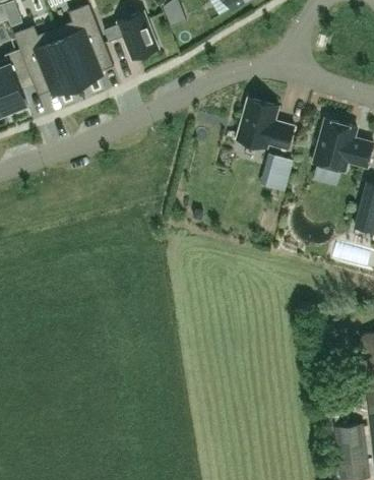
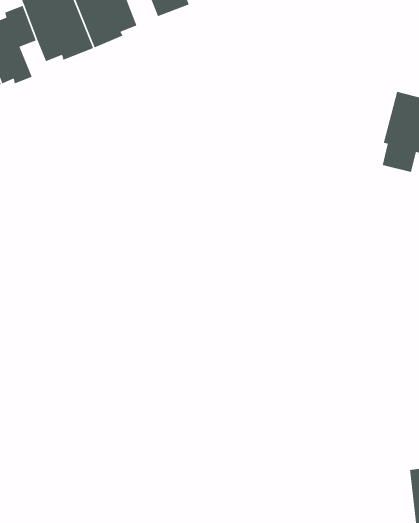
building: [237,99,295,149] -> none
building: [267,156,294,185] -> none

